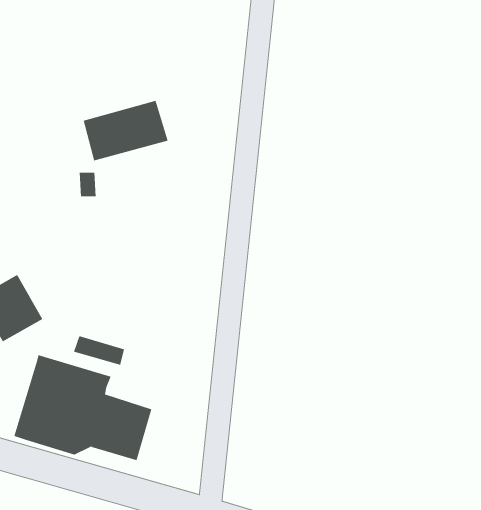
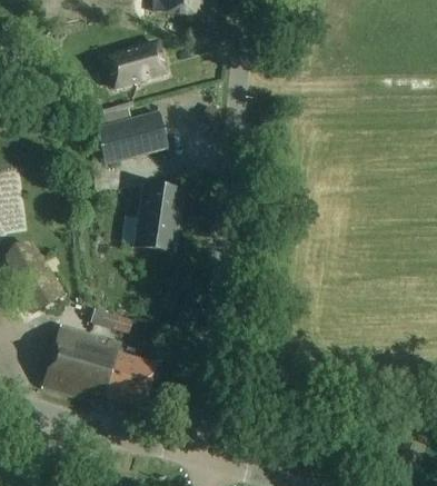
building: none -> [103,36,169,87]
building: none -> [137,181,181,248]

